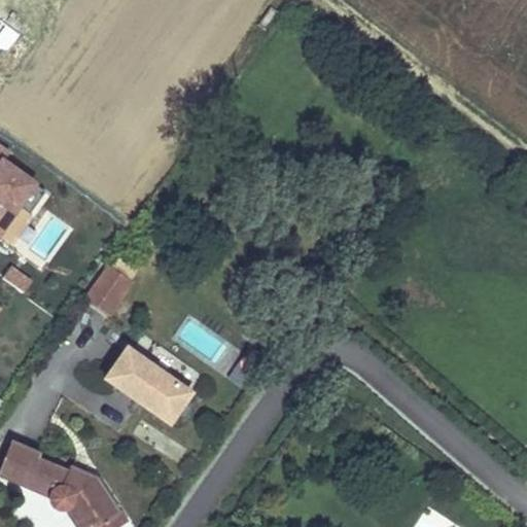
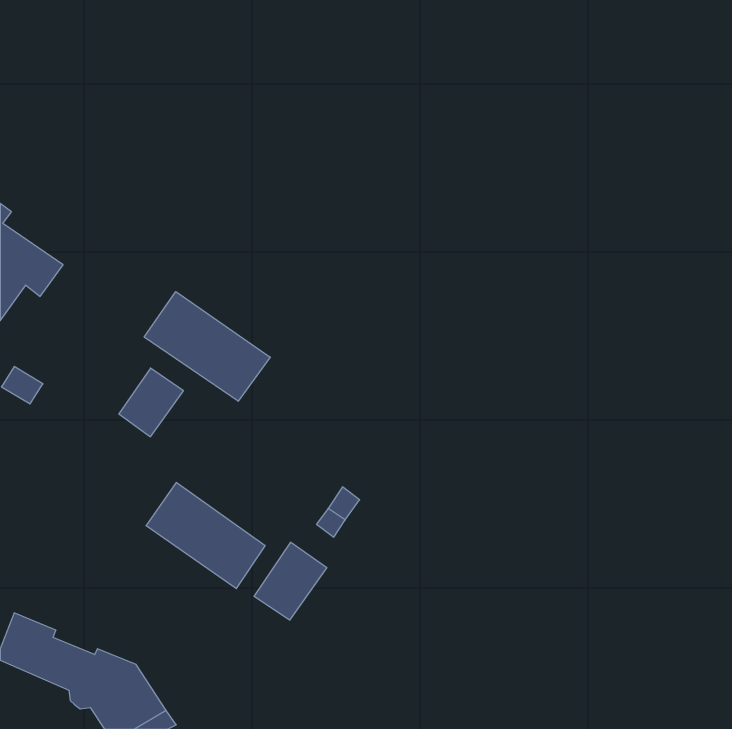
building: none -> [144,292,270,401]
building: none -> [254,542,327,620]

